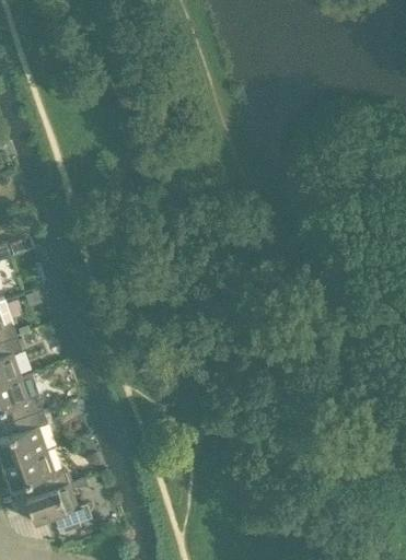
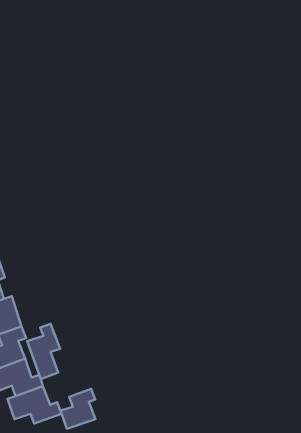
building: none -> [27,324,60,379]
building: none -> [60,389,95,429]

